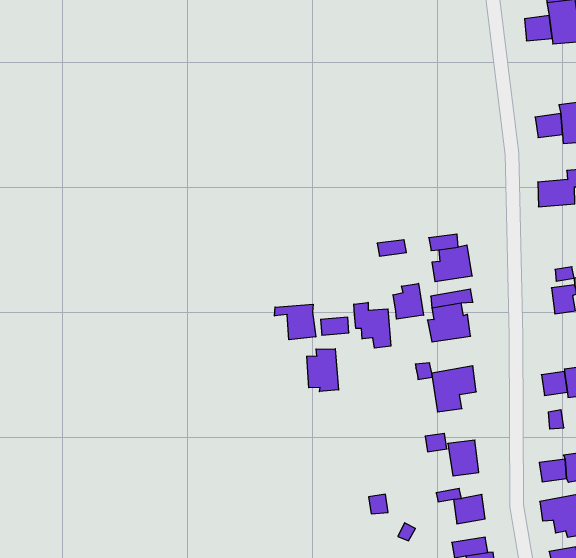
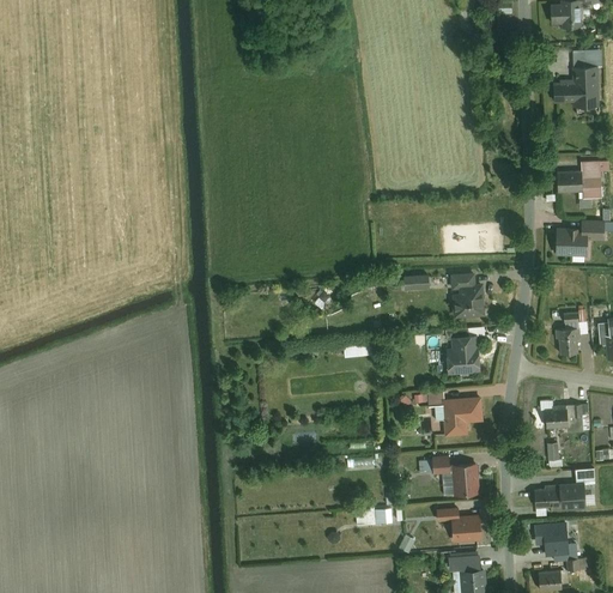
building: [393,283,424,319] -> none
building: [354,302,391,348] -> none
building: [275,304,316,340] -> none
building: [307,349,339,392] -> none

